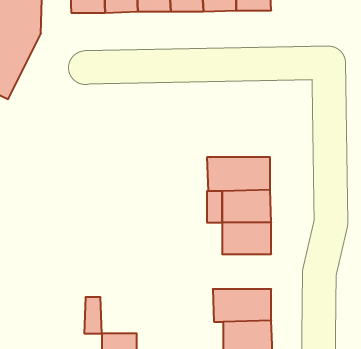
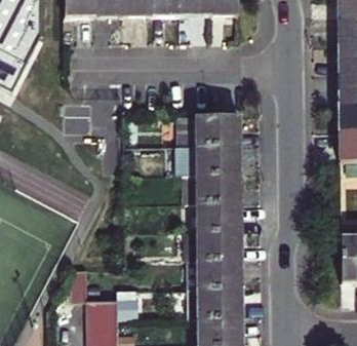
building: none -> [186,118,239,147]
building: none -> [197,232,240,263]

